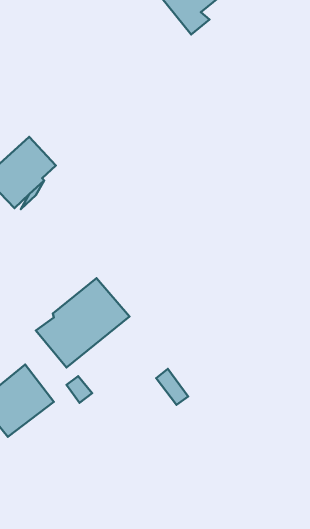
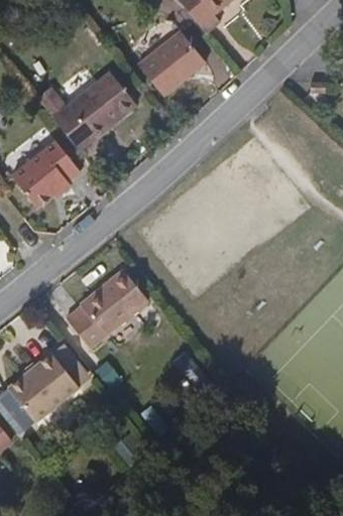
building: none -> [138,28,208,93]
building: none -> [51,68,134,145]

